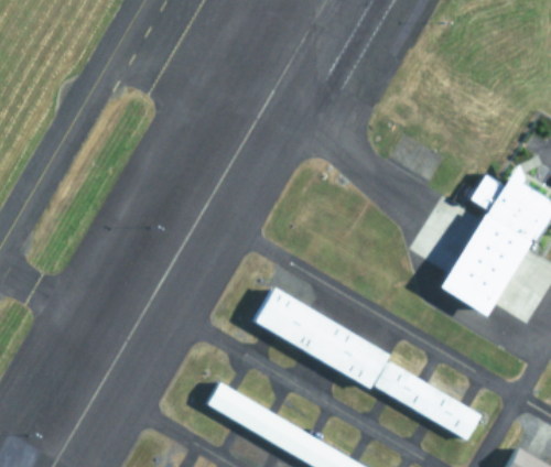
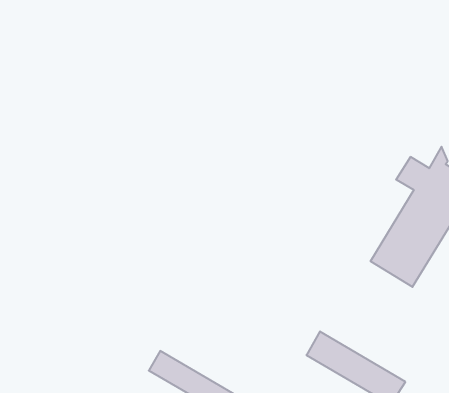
building: [252,287,388,388] -> none

